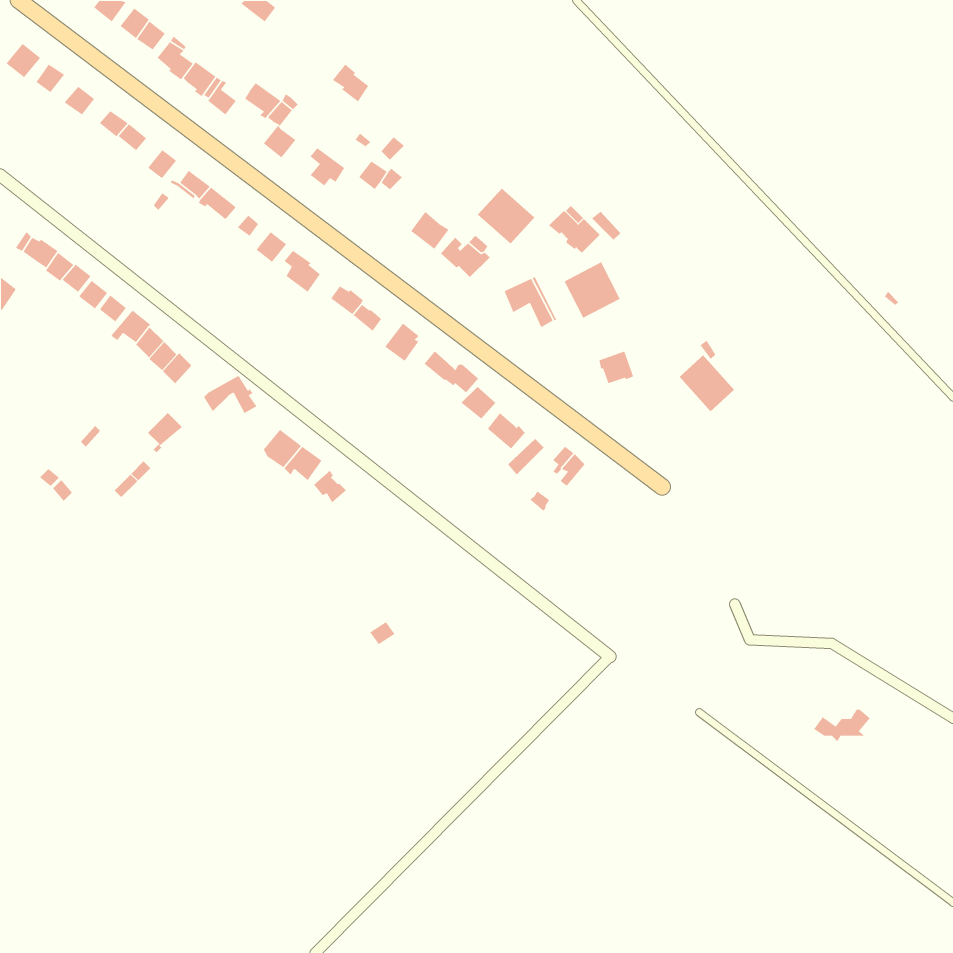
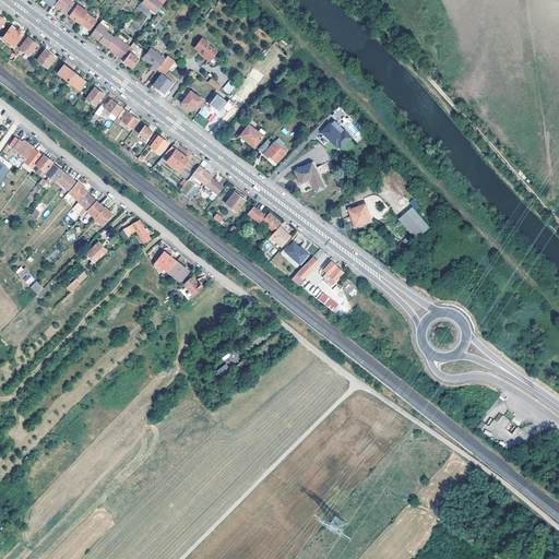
building: [477,188,535,245] -> none
building: [564,261,621,319] -> none

